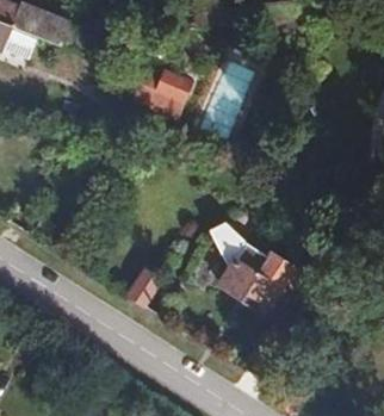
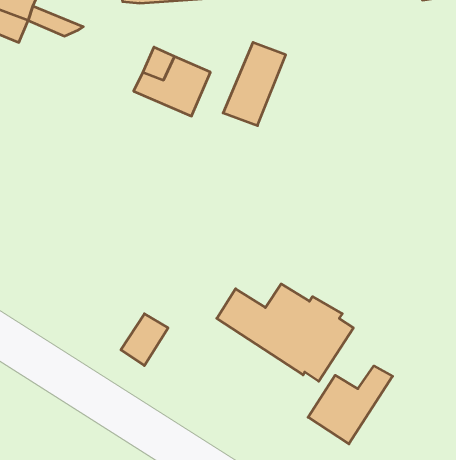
building: none -> [308,366,393,444]

